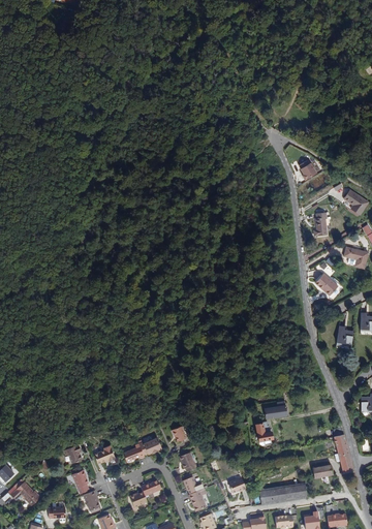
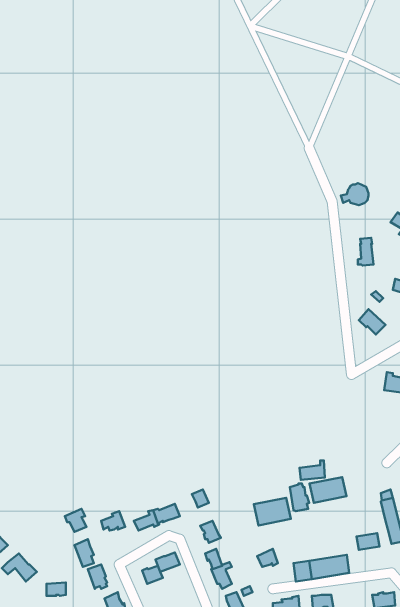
building: none -> [310,477,346,503]
building: none -> [254,498,291,525]

